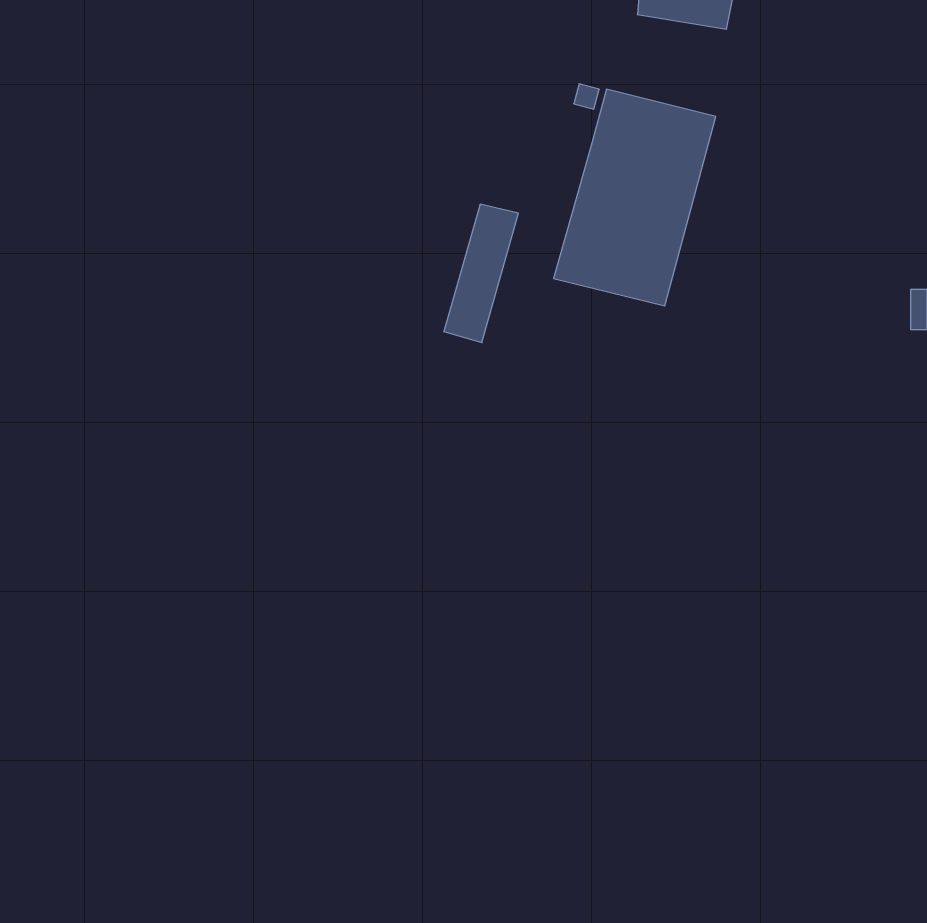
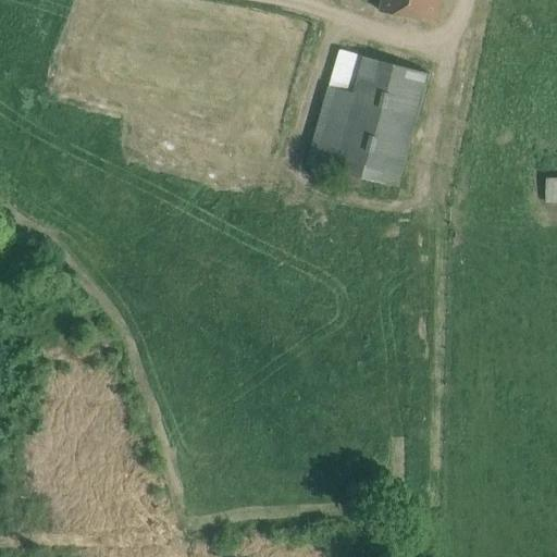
building: [444,204,518,343] -> [308,84,352,166]

